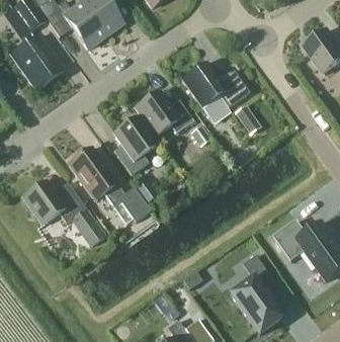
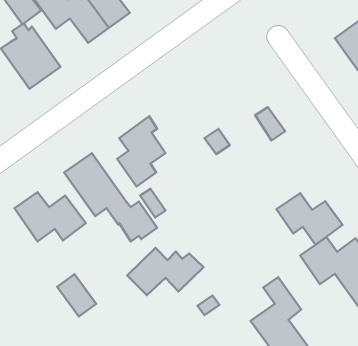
building: [181,61,250,117] -> none
building: [137,91,193,140] -> none
building: none -> [276,193,342,245]
building: [72,208,106,246] -> [57,274,96,317]
building: none -> [127,248,203,295]

